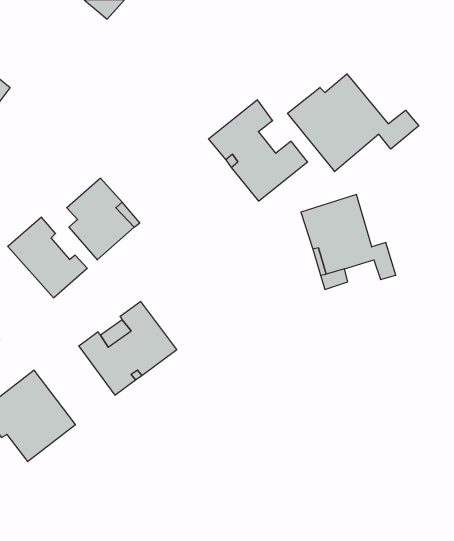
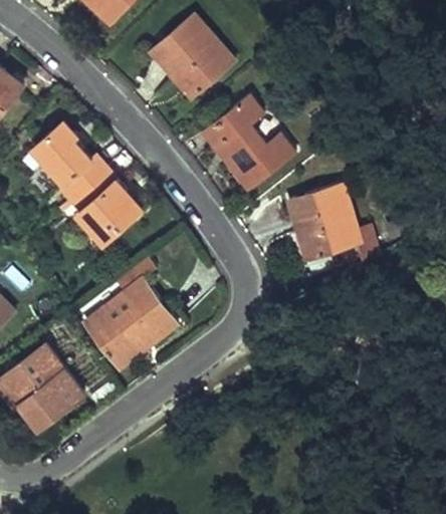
building: none -> [152,15,233,96]
building: [288,74,419,172] -> none
building: [8,217,87,298] -> [31,121,104,196]

